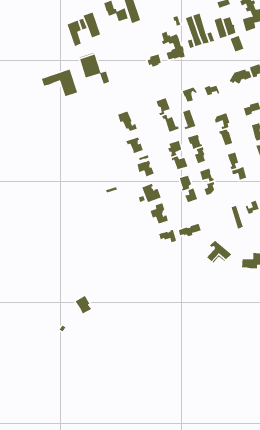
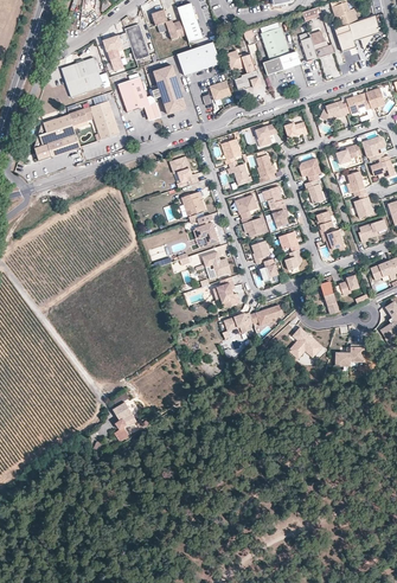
building: none -> [177,41,219,75]
building: none -> [59,57,108,97]
building: none -> [152,66,185,115]
building: none -> [33,113,78,159]

